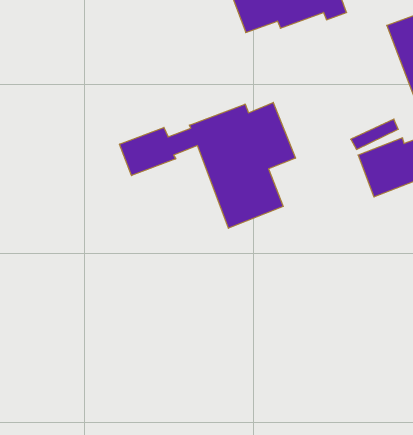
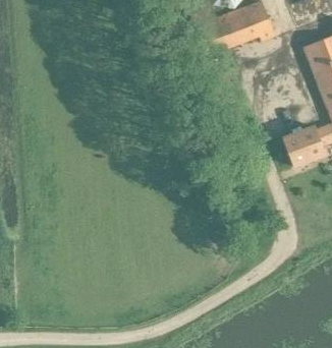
building: [120,102,295,228] -> none

